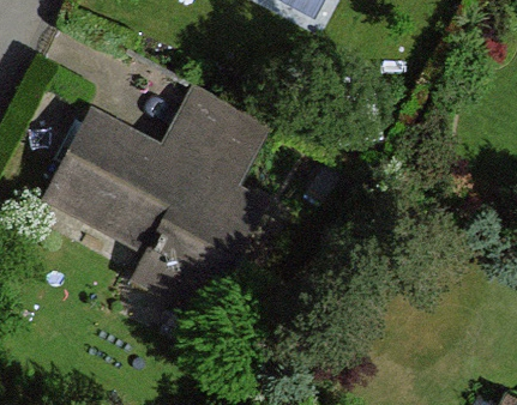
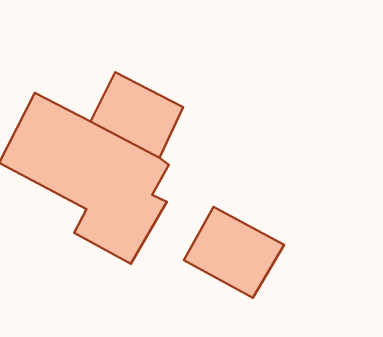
building: none -> [184,207,284,298]

